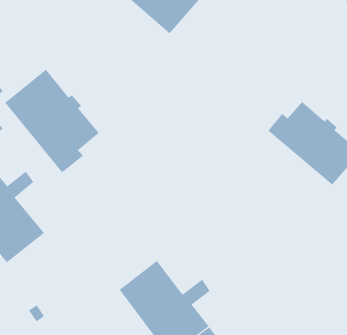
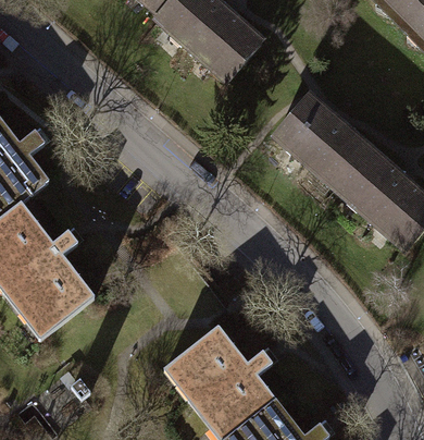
building: none -> [274,97,373,186]
building: [5,69,99,173] -> none

